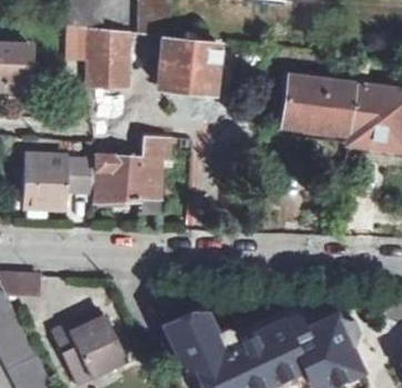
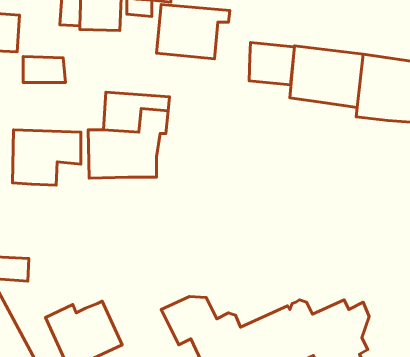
building: [87,61,127,86] -> [23,57,66,83]
building: none -> [249,43,295,85]

